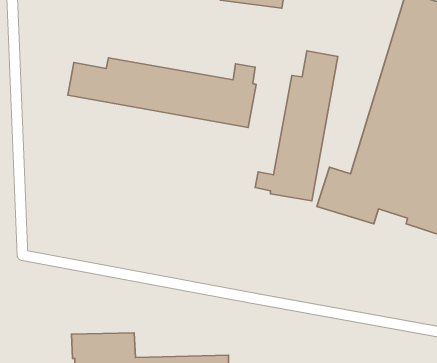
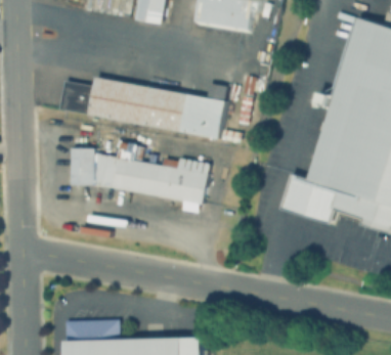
building: [255,51,338,201] -> none
building: none -> [71,143,208,204]

